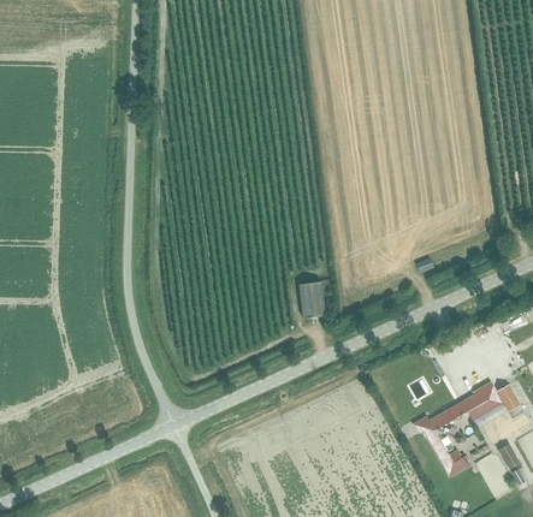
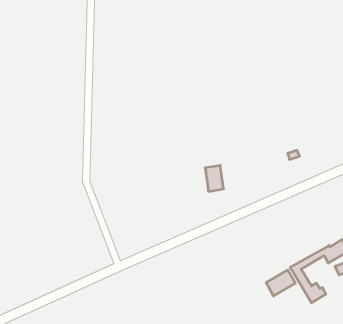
building: none -> [266,270,295,296]

